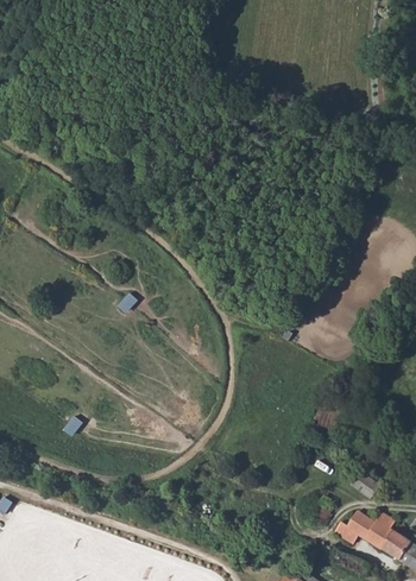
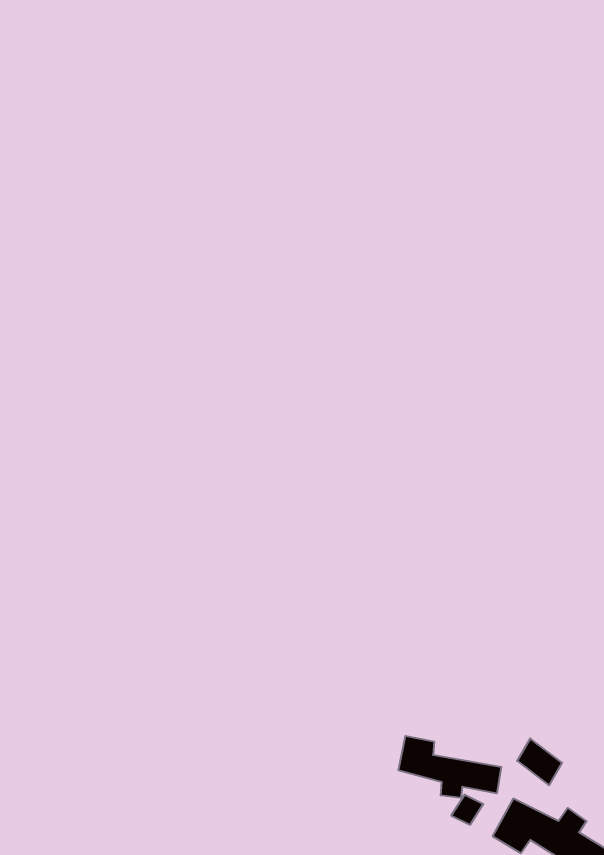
building: none -> [398,736,501,798]

